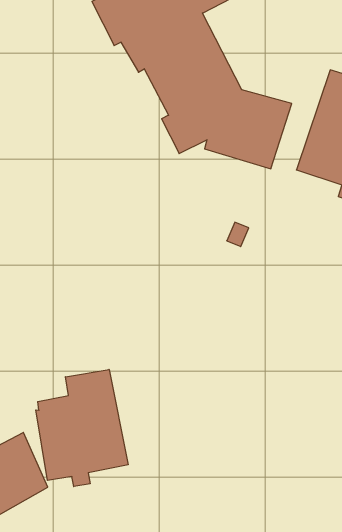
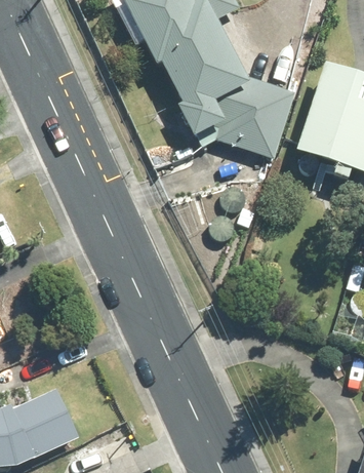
building: [36,369,128,487] -> none

